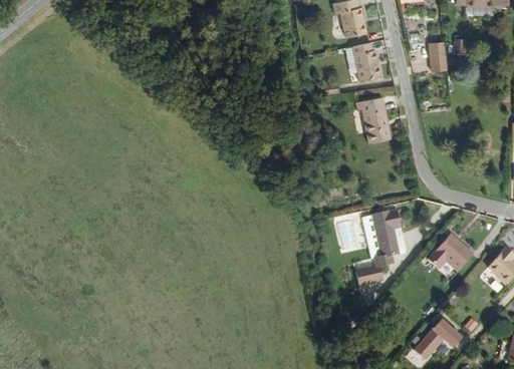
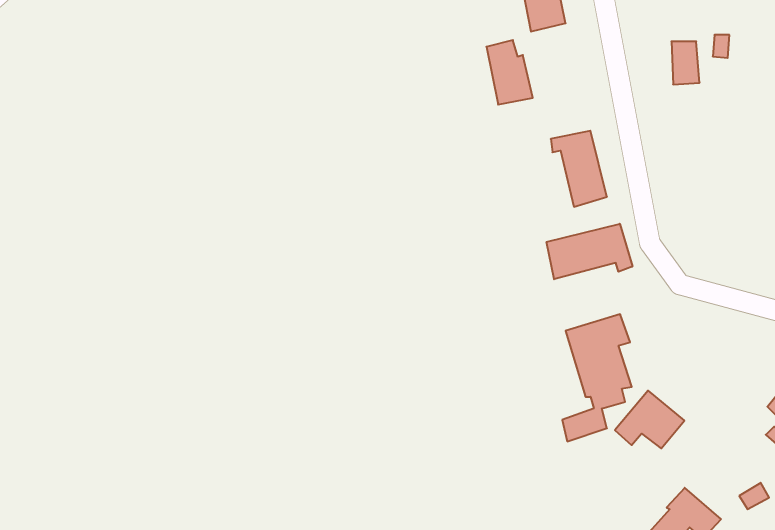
building: [353,42,381,81] -> [486,40,533,105]
building: none -> [547,224,632,279]
building: [432,235,474,270] -> [615,391,684,448]

